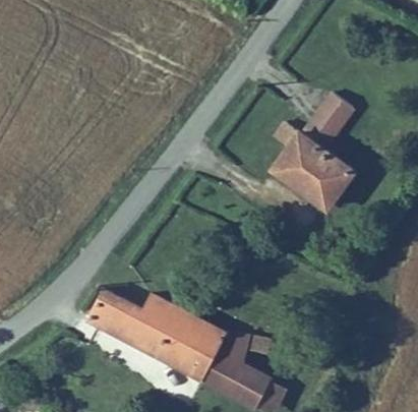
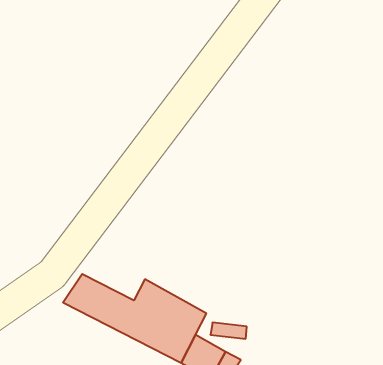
building: [305,94,355,145] -> none
building: [275,135,355,210] -> none

